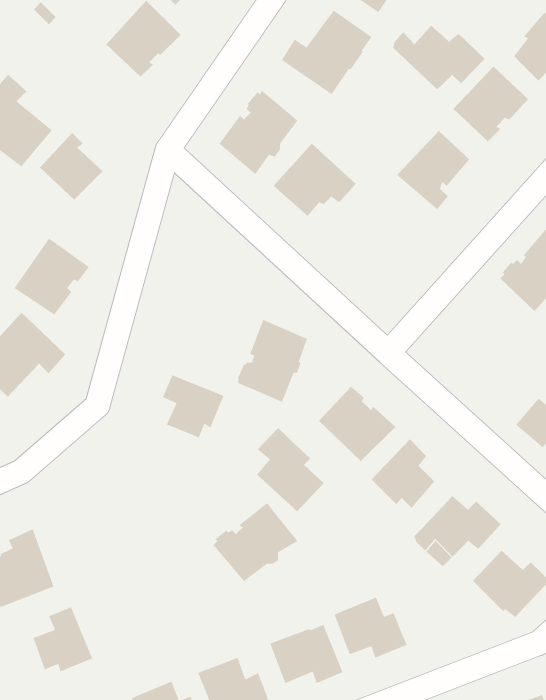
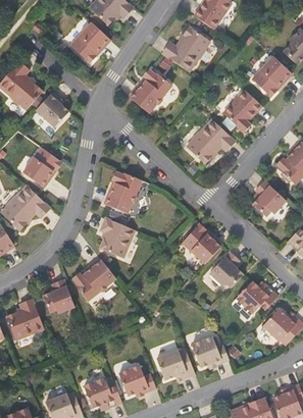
building: [392,25,485,90] -> none
building: [273,143,357,217] -> [191,119,235,158]
building: none -> [251,180,285,216]
building: [237,319,308,403] -> [103,169,140,213]
building: [256,427,324,512] -> none
building: [213,502,298,582] -> [70,258,115,300]
building: [33,606,93,672] -> [42,278,73,313]

